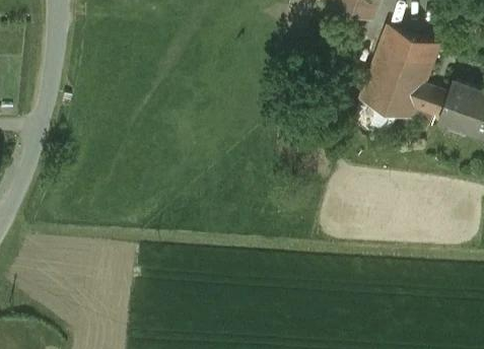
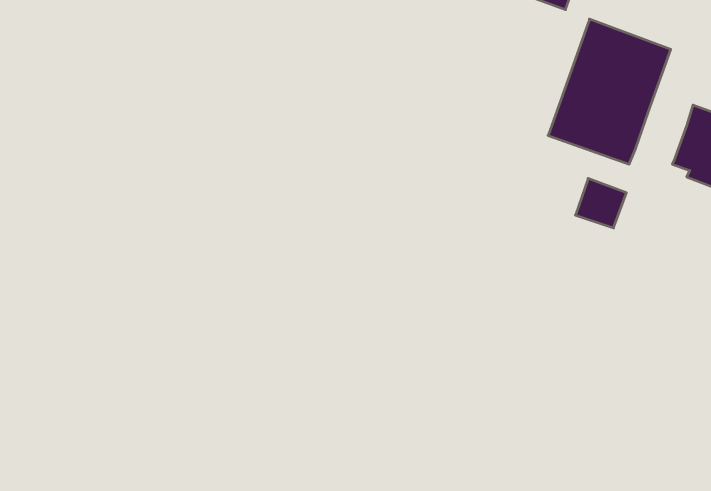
building: [416,86,448,118] -> [575,178,626,228]

